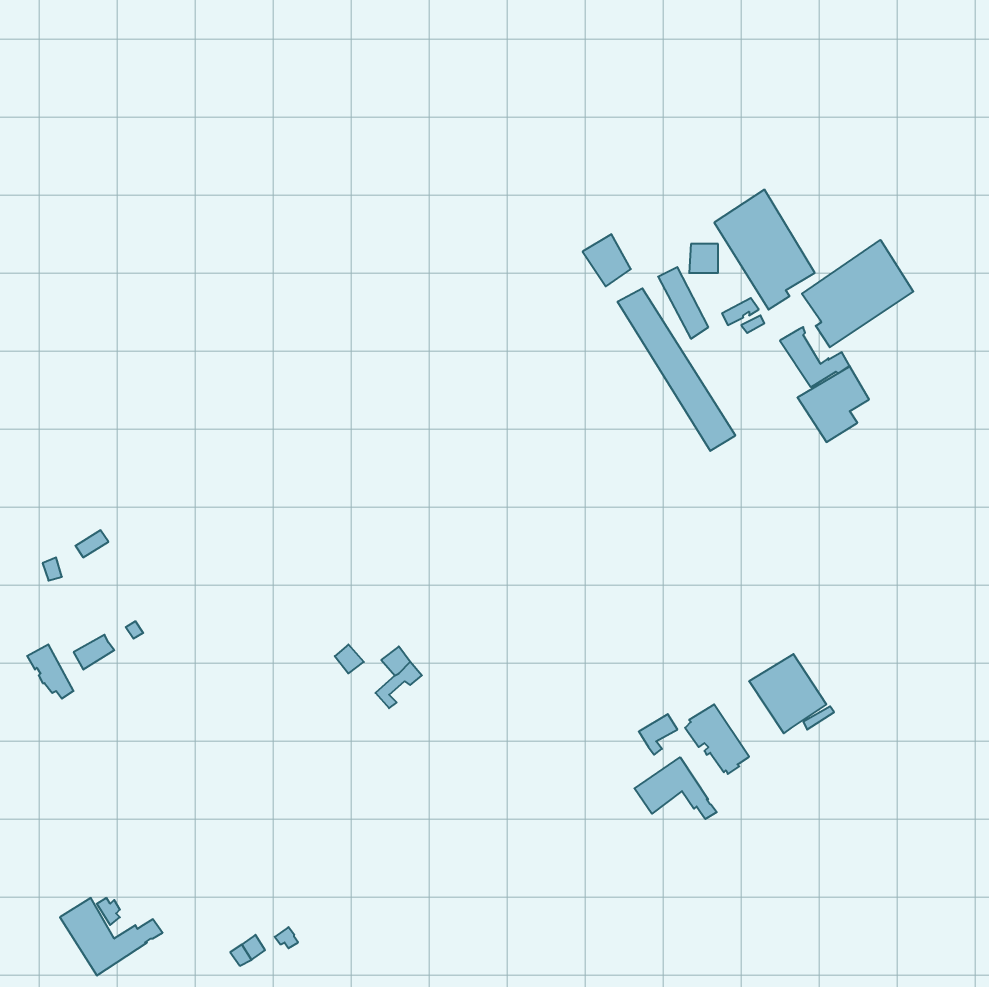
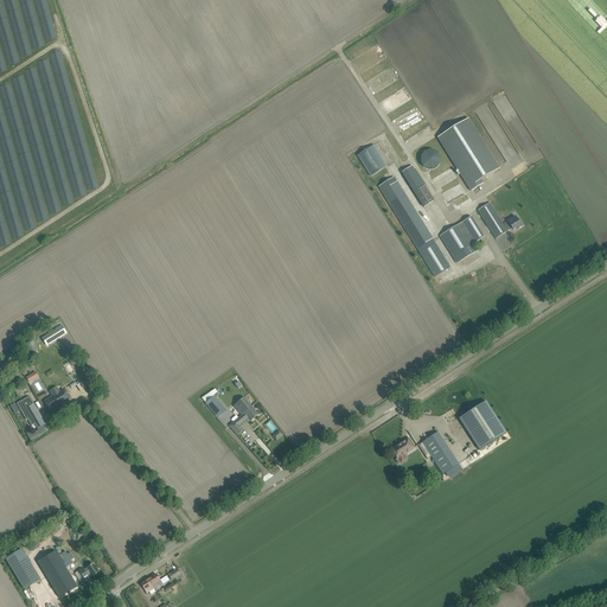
building: [802,240,913,347] -> none
building: [797,367,869,442] -> [440,216,484,262]
building: [634,757,717,819] -> none
building: none -> [6,548,40,588]

